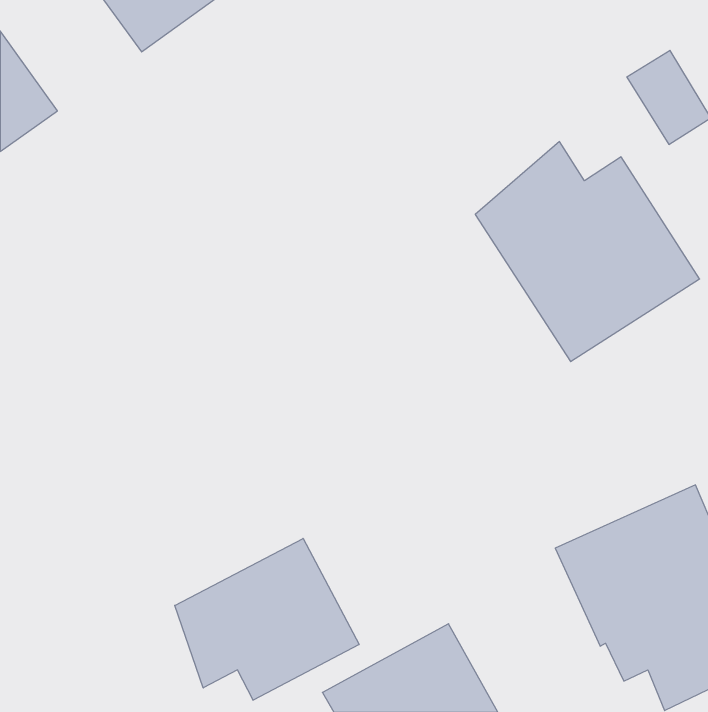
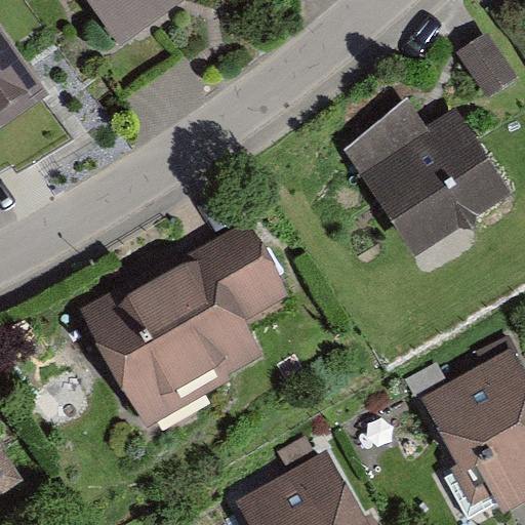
building: none -> [72,227,272,420]
building: [175,538,359,700] -> none

